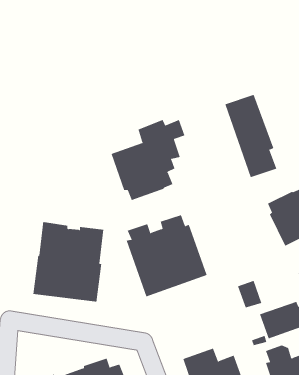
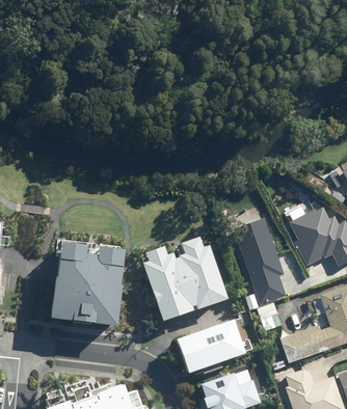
building: [224,94,277,178] -> [233,218,288,305]
building: [111,119,185,201] -> none
building: none -> [175,319,244,373]

